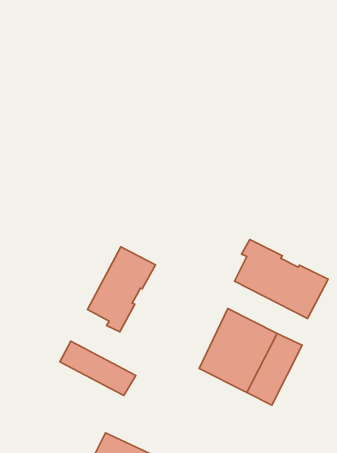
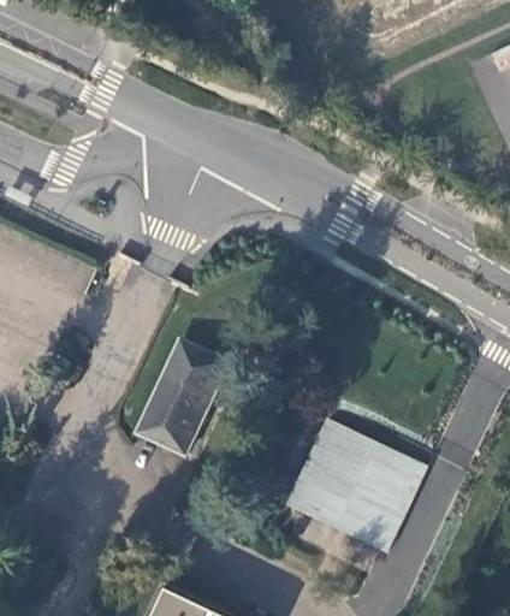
building: [235,240,328,318] -> none
building: [60,341,136,396] -> none

